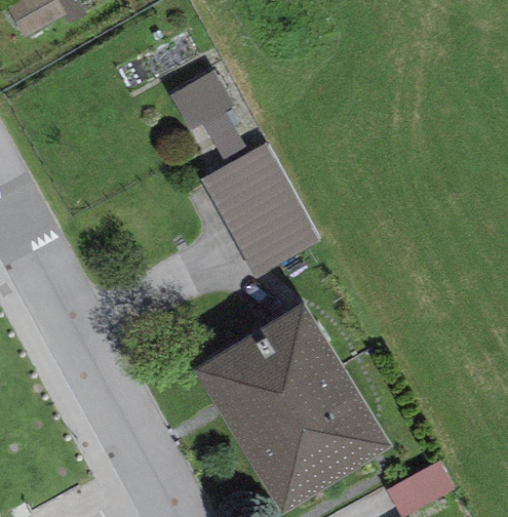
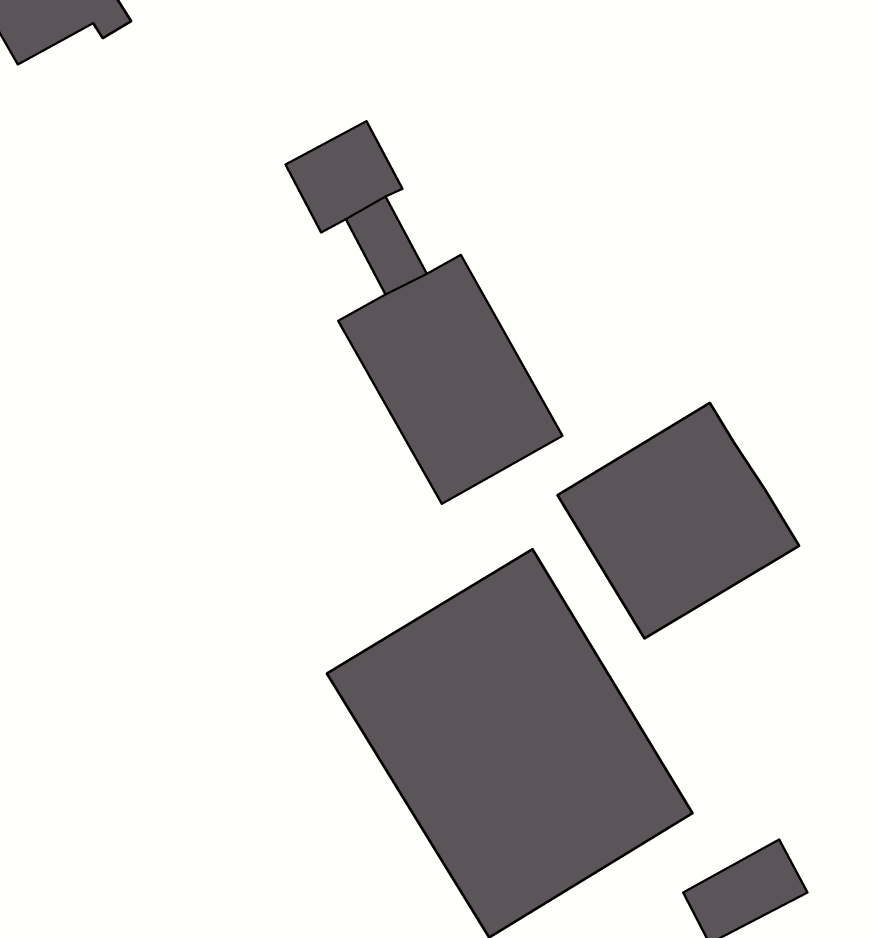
building: none -> [558,403,799,639]

